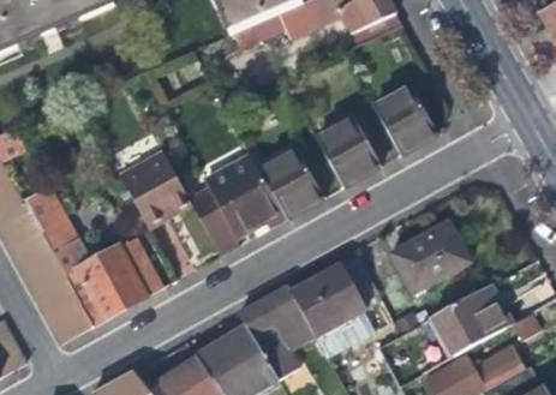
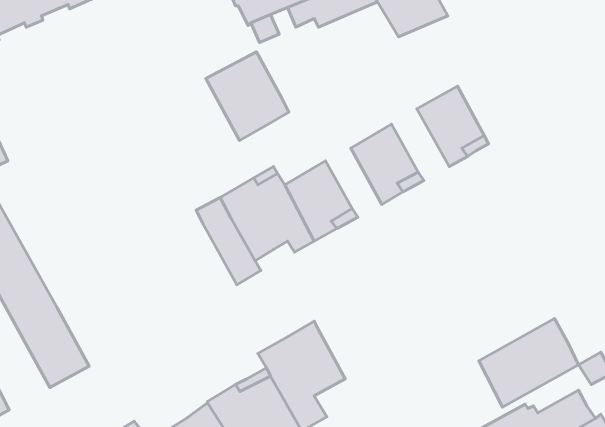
building: [120,150,191,226] -> [206,52,289,140]
building: [26,186,78,250] -> none
building: [391,220,472,294] -> none
building: [66,245,147,323] -> none
building: [289,253,378,336] -> none

